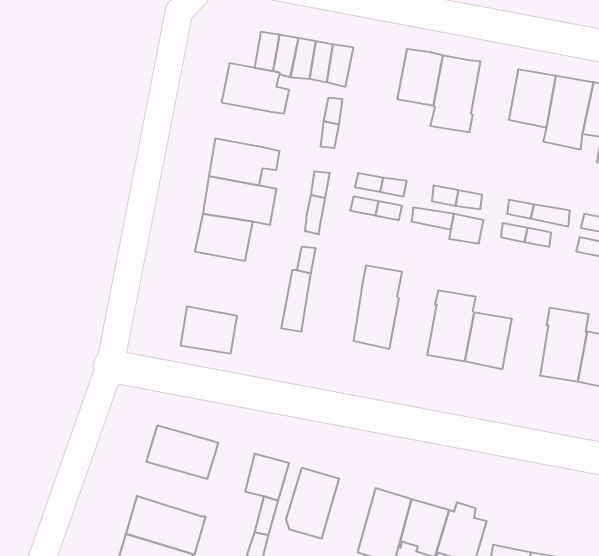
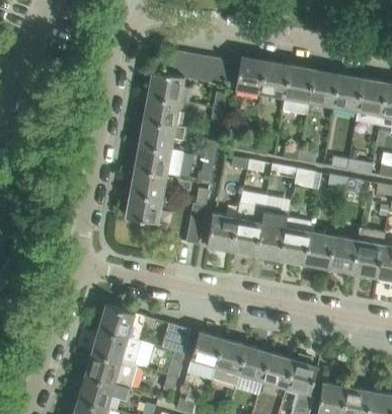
building: none -> [235,57,266,94]
building: none -> [308,70,338,108]
building: none -> [143,96,179,126]
building: none -> [255,206,288,260]
building: none -> [207,214,237,251]
building: [181,306,237,353] -> [126,193,162,223]
building: none -> [328,236,358,273]
building: none -> [92,329,141,364]
building: none -> [212,340,246,386]

